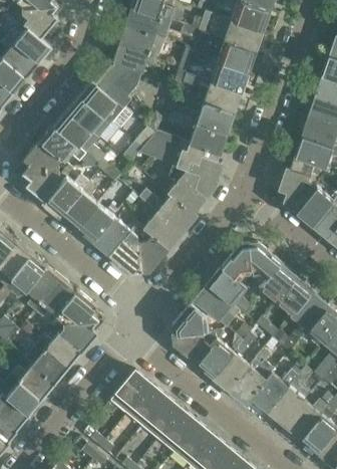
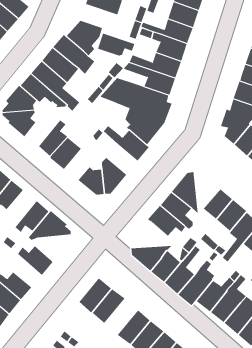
building: [112,44,157,72] -> [97,33,135,56]
building: [47,175,88,214] -> none
building: [142,205,182,248] -> none
building: [93,217,130,255] -> none
building: [249,243,281,293] -> none
building: [25,266,60,310] -> none
building: [172,303,208,335] -> none
building: [58,319,103,354] -> none
building: [25,342,67,383] -> none
building: [141,396,182,439] -> none

